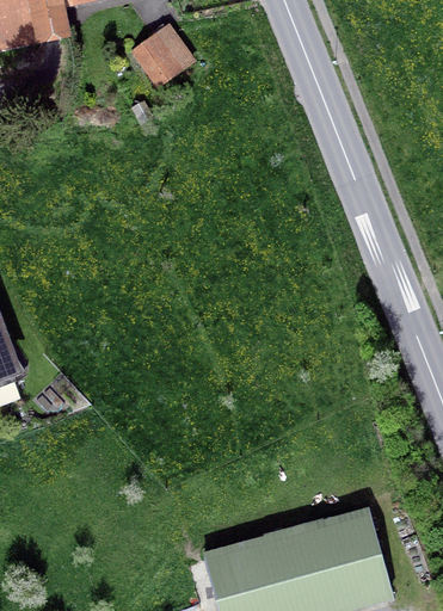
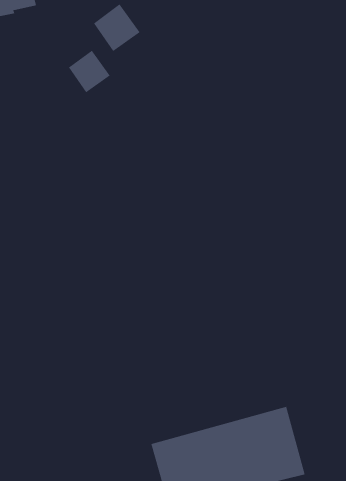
building: none -> [68,50,110,93]

